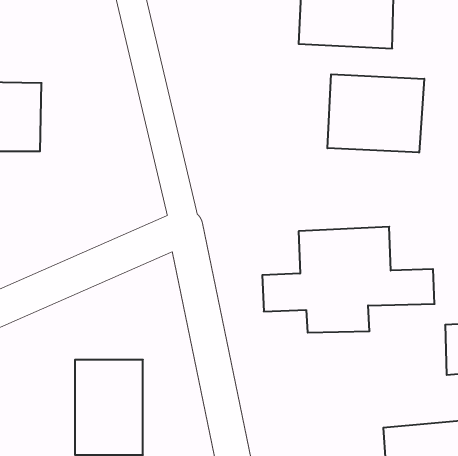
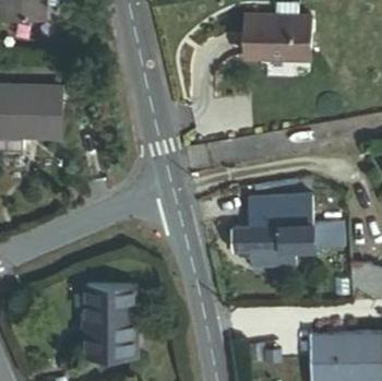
building: [327,74,424,153] -> none

